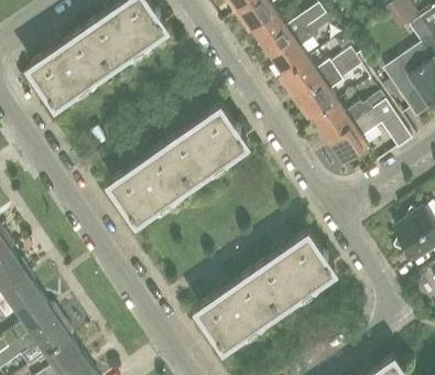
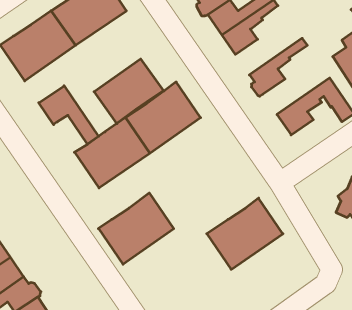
building: [281,51,357,98] -> none
building: none -> [94,59,163,124]
building: [314,94,387,141] -> none
building: none -> [39,86,99,144]
building: [198,270,280,347] -> [98,193,174,264]

